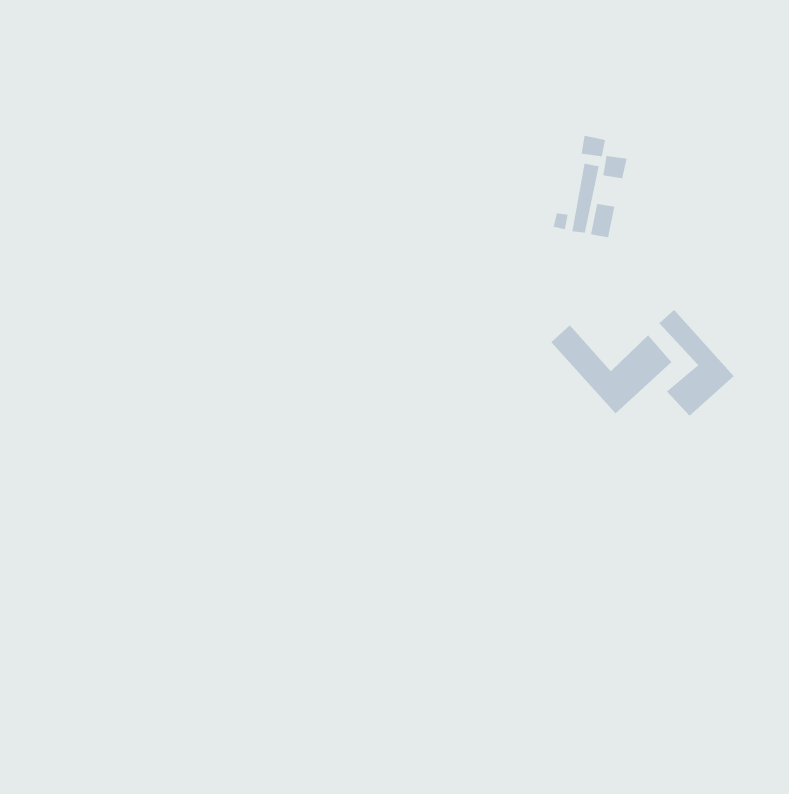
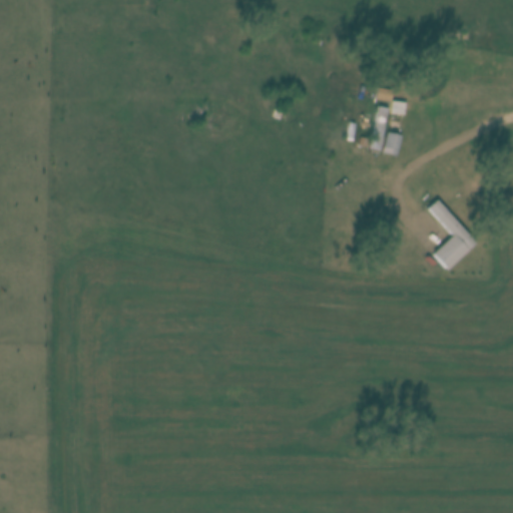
building: [550,324,672,414] -> none

